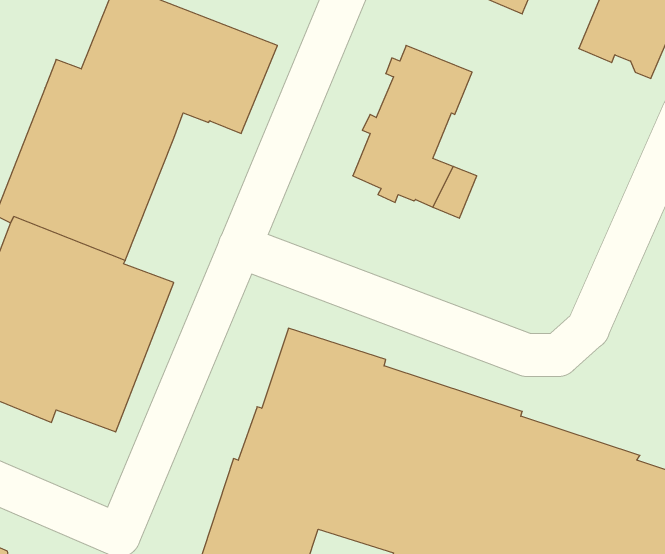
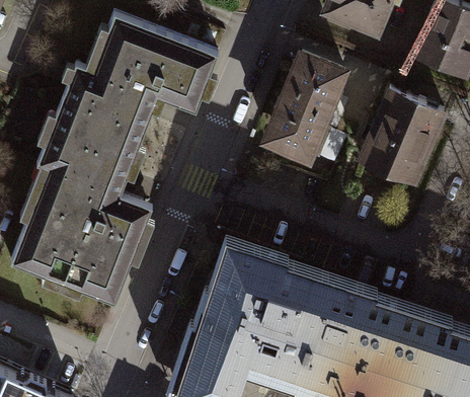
building: none -> [360,89,444,182]

